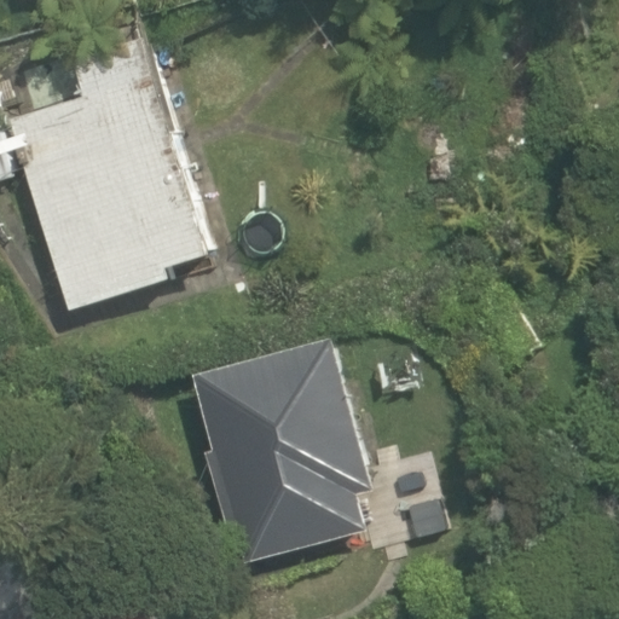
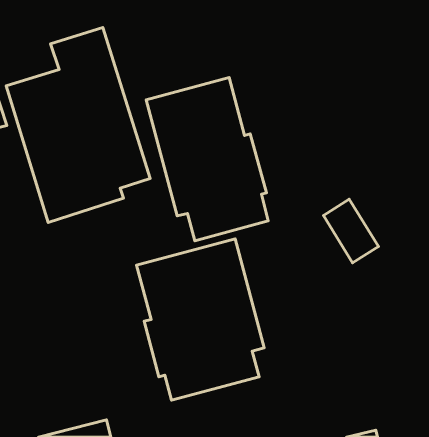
building: none -> [146,78,268,241]

